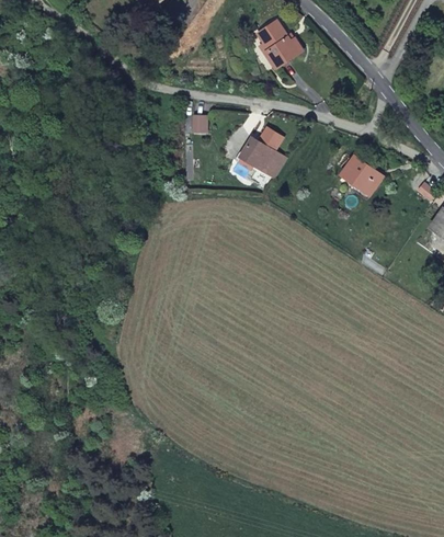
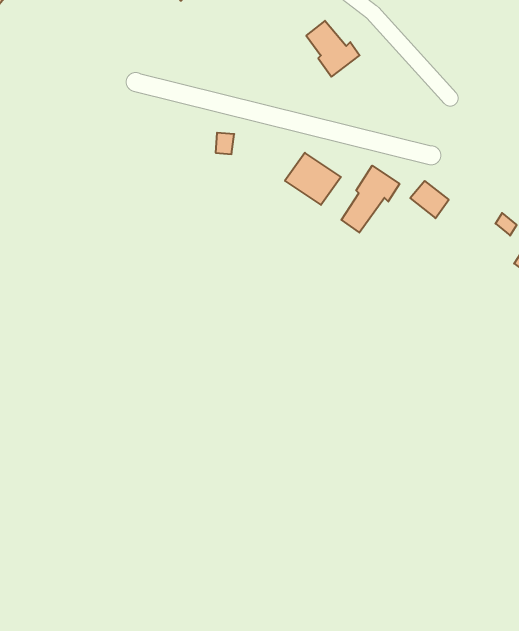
building: none -> [341,166,399,233]

